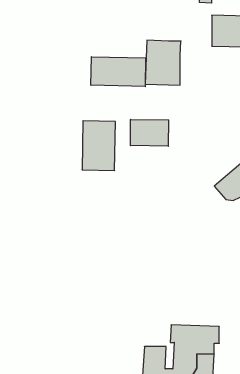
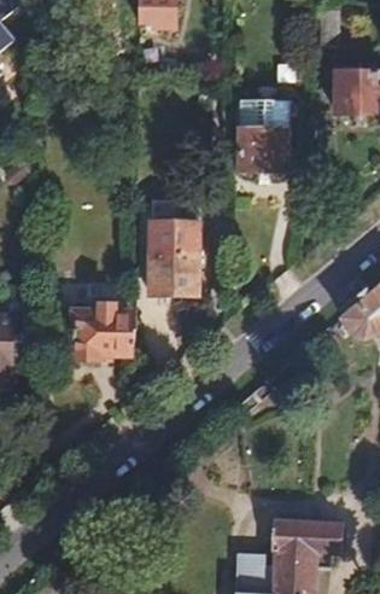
building: [91,57,146,87] -> none
building: [130,119,169,146] -> none
building: none -> [66,292,134,351]

